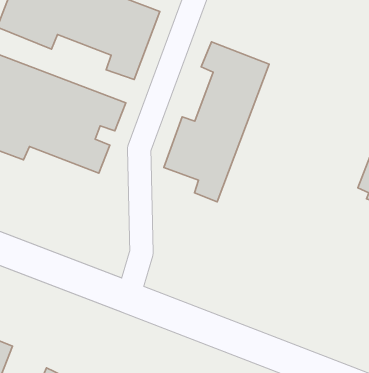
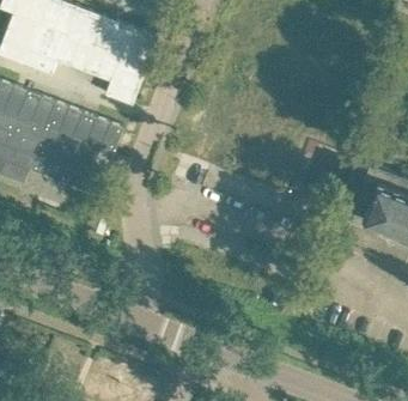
building: [164,42,269,202] -> none

